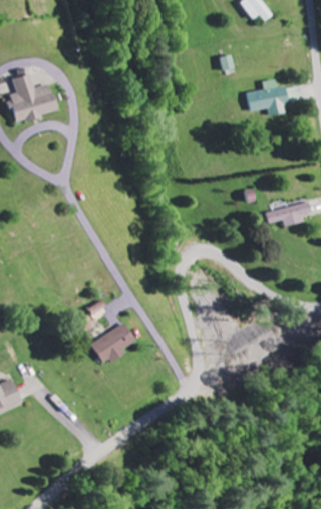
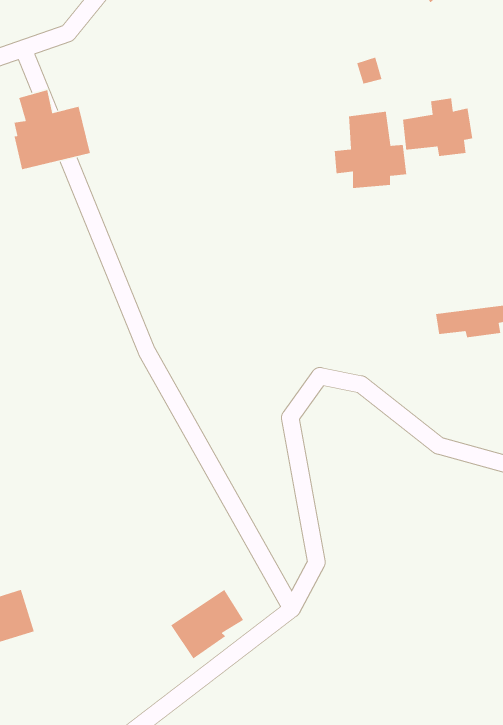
building: none -> [334,111,407,189]
building: [90,321,135,364] -> [170,589,244,660]

